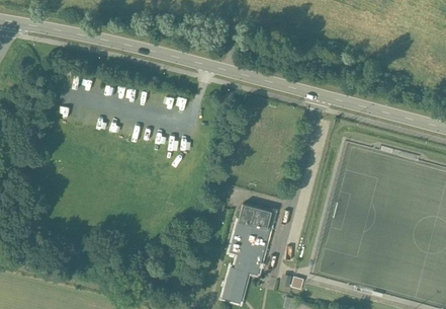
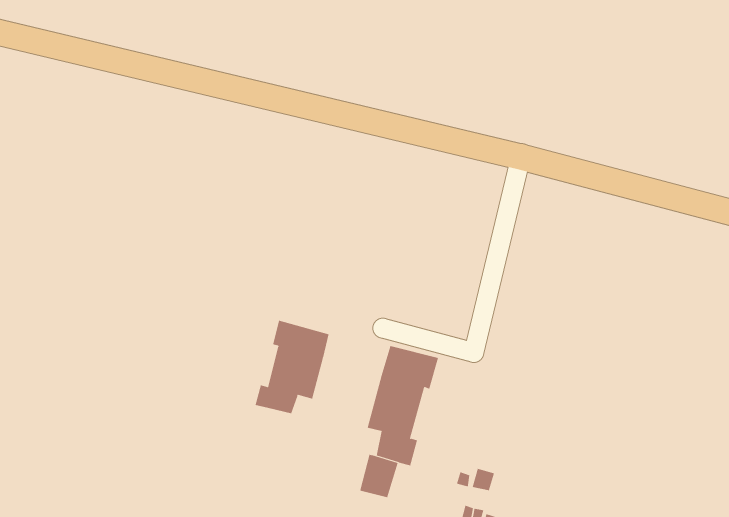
building: none -> [255,320,329,414]

